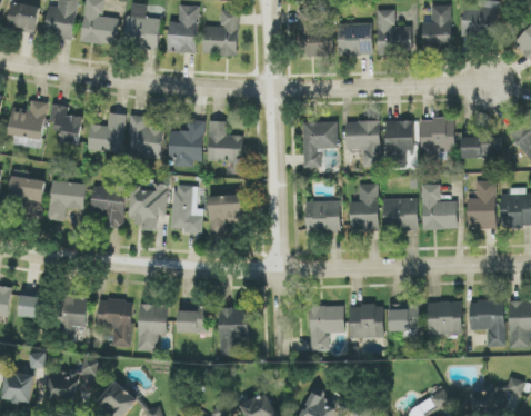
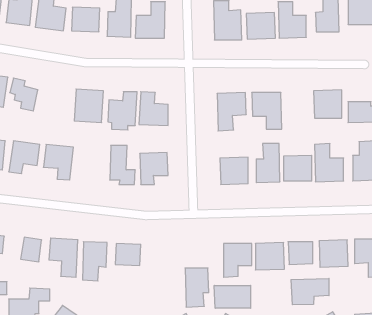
building: [88,113,124,152] -> none
building: [384,120,417,168] -> none
building: [130,184,167,230] -> none
building: [219,308,248,356] -> [185,268,209,307]
building: none -> [291,278,329,305]
building: none -> [214,285,251,308]

